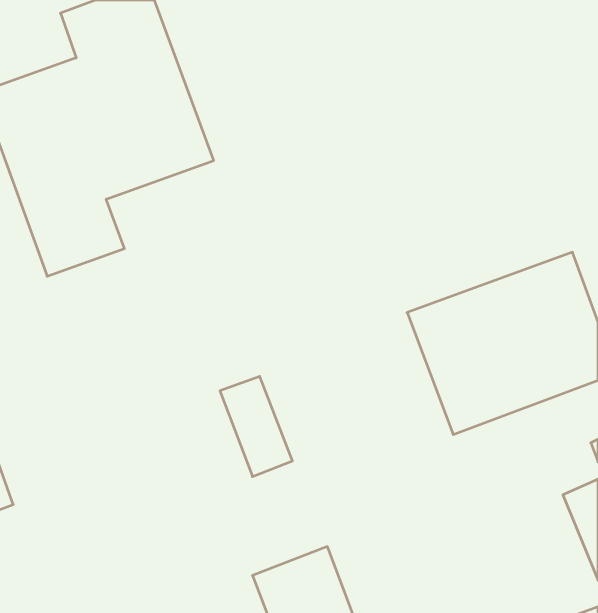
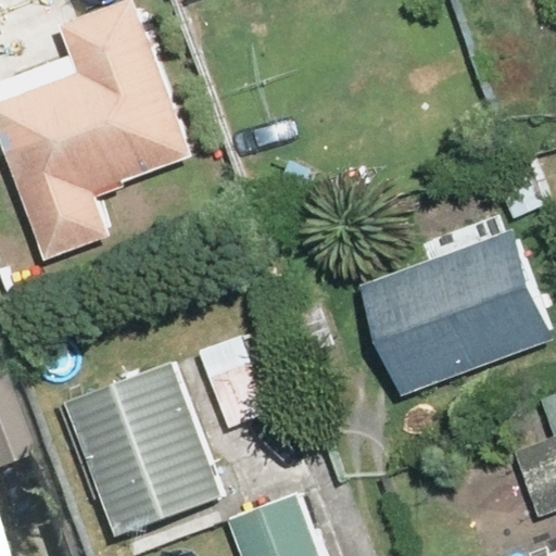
building: none -> [68,364,224,540]

